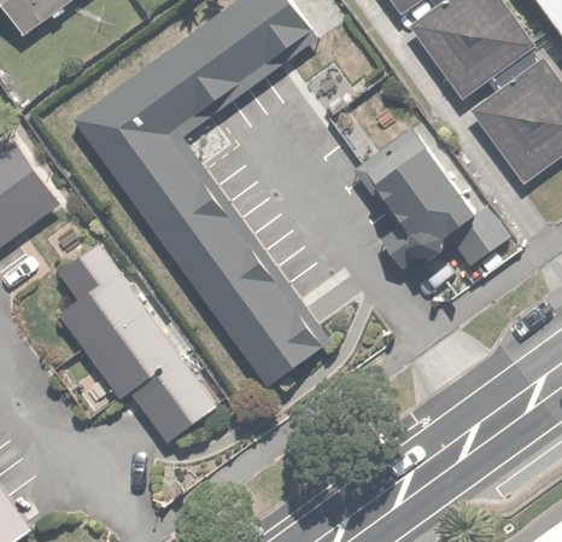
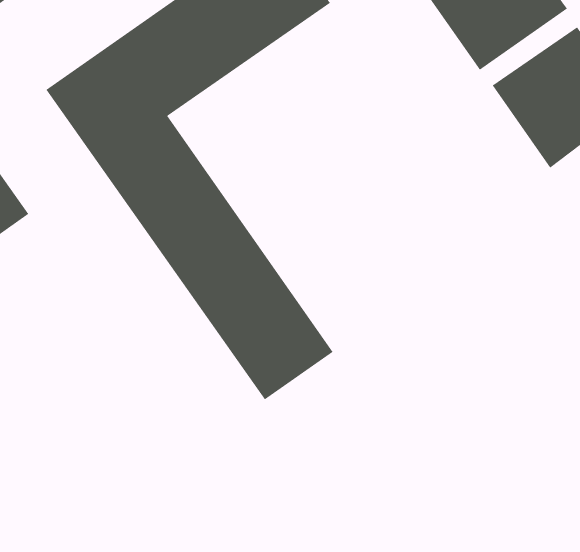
building: [345,123,480,268] -> none
building: [65,253,215,444] -> none

